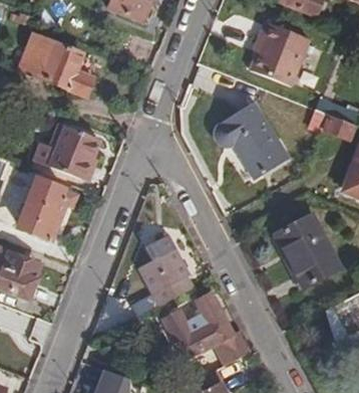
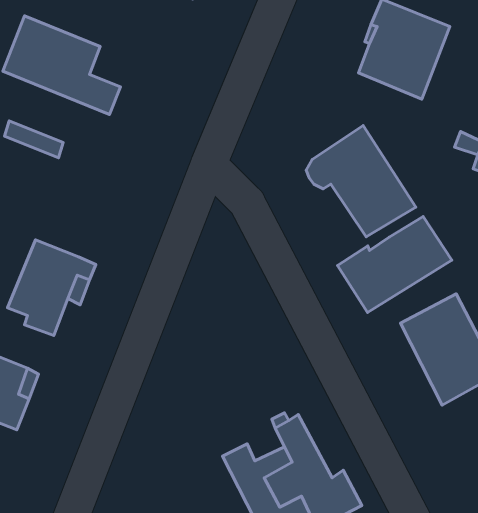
building: [34,125,99,179] -> none
building: none -> [337,216,452,312]
building: [139,237,194,307] -> none

